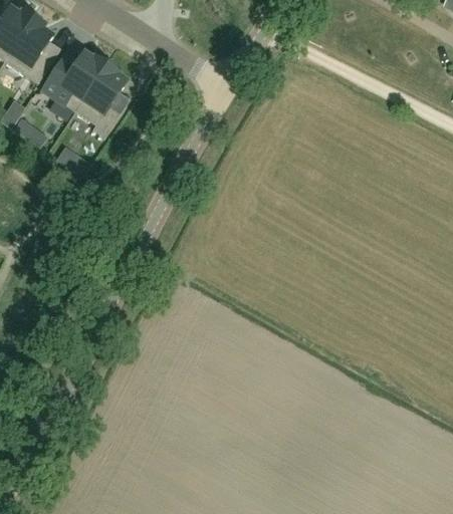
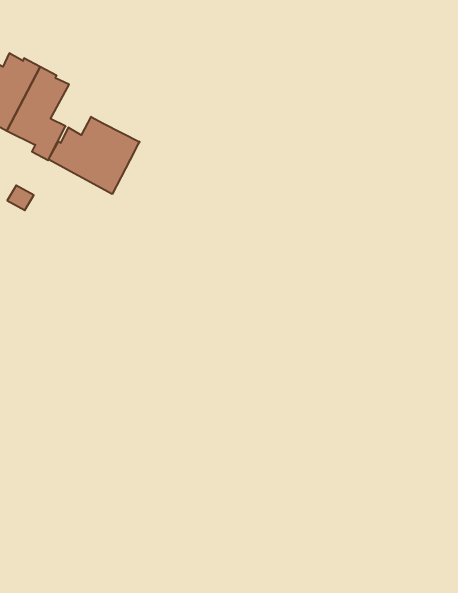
building: none -> [49,117,140,194]

